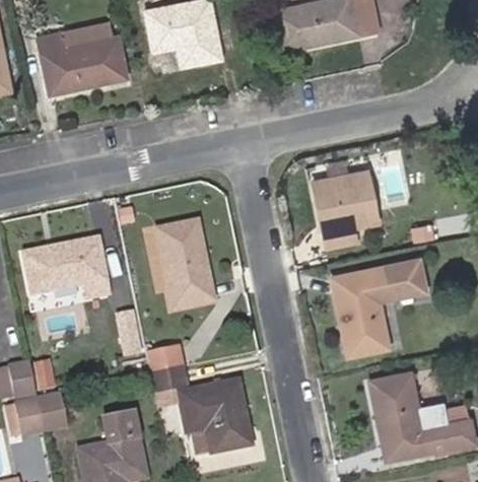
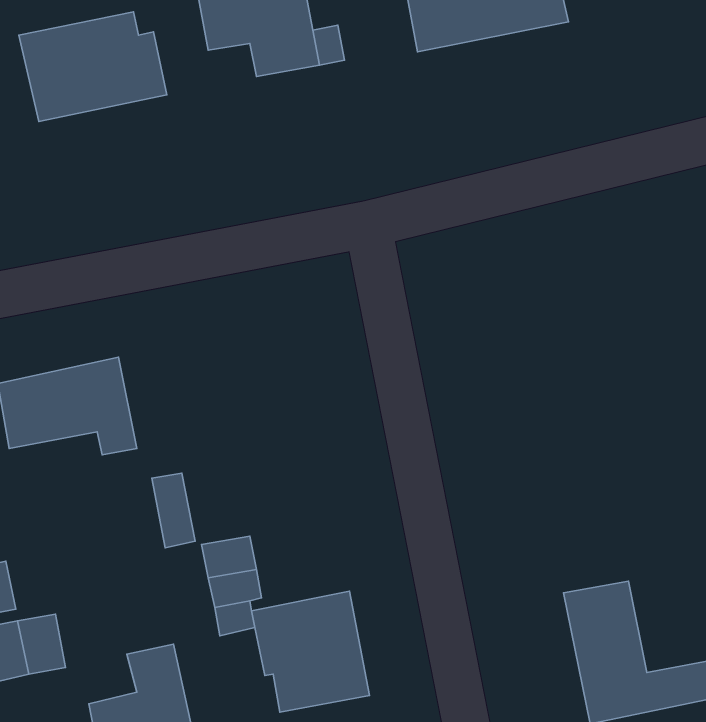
building: [314,171,377,246] -> none
building: [158,220,212,307] -> none
building: [333,260,424,356] -> none

